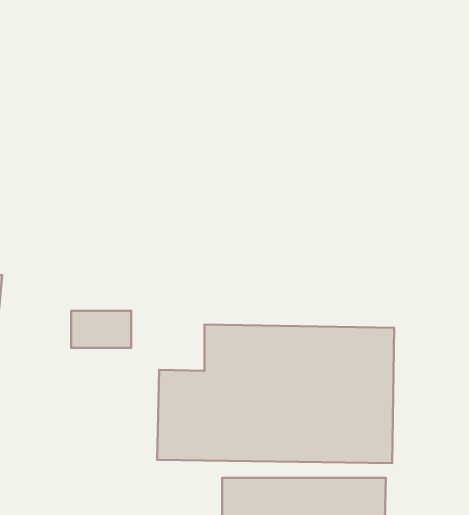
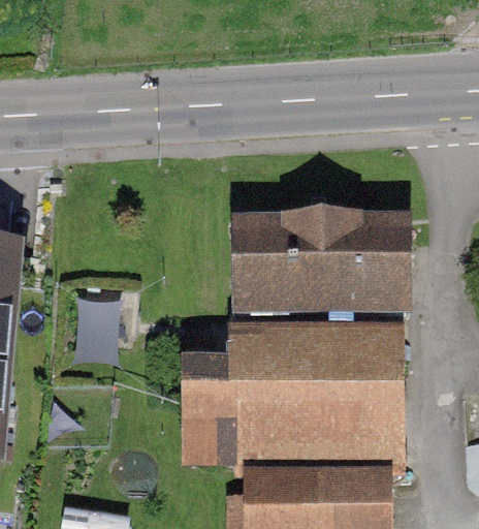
building: none -> [222,214,407,310]

